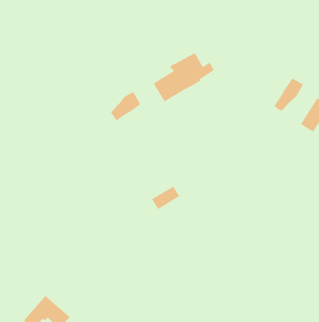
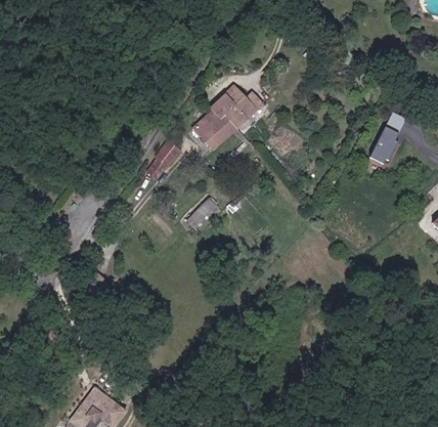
building: [273,78,304,112] -> none
building: [151,186,180,210] -> [187,196,220,225]

